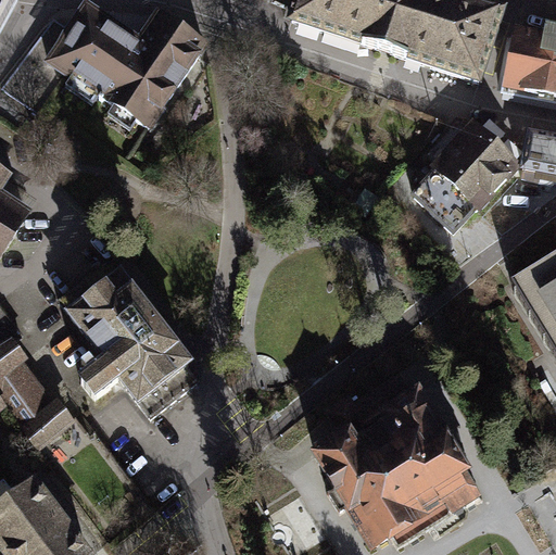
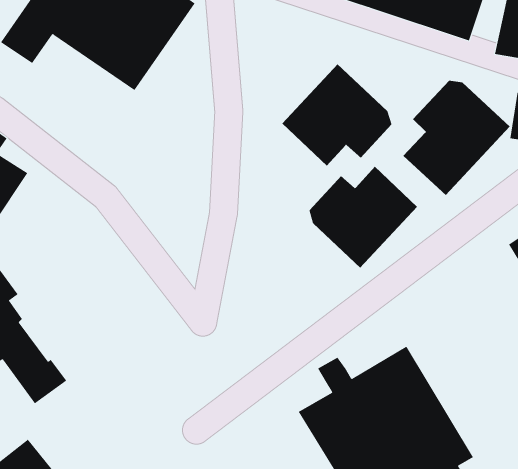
building: none -> [282,63,392,166]
building: none -> [309,166,418,268]
building: [59,260,201,418] -> none

